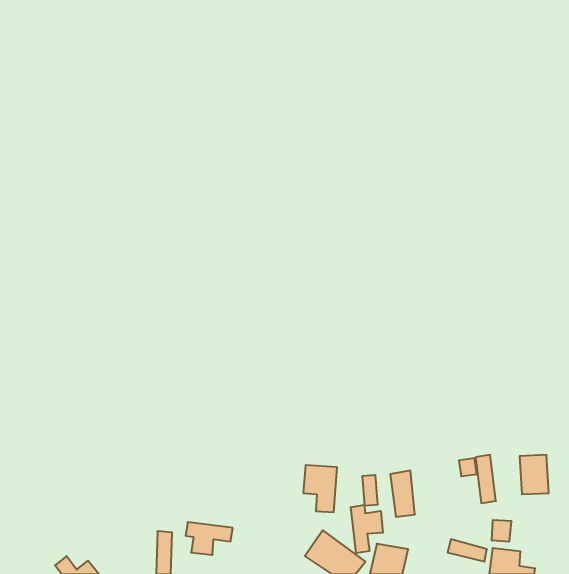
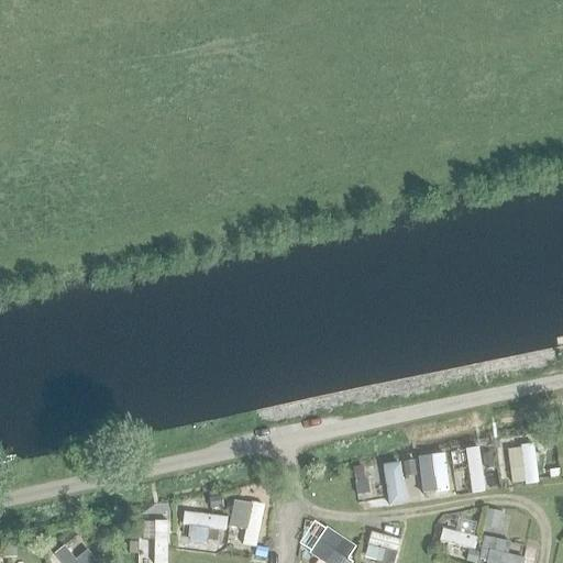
building: none -> [418,453,449,493]
building: [303,465,337,512] -> [229,500,262,547]
building: [351,505,383,553] -> none

